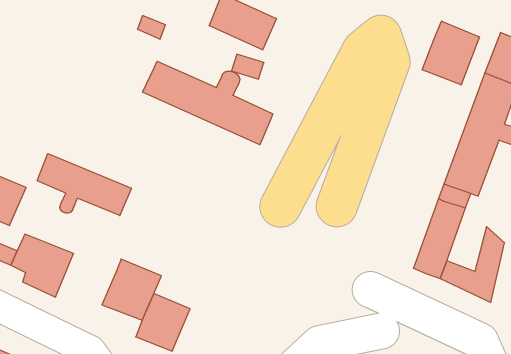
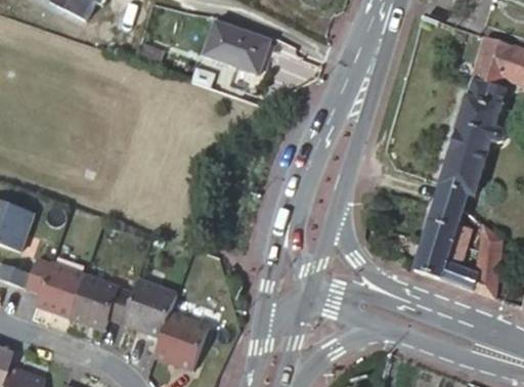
building: [422,21,480,85] -> none
building: [143,61,273,145] -> none
building: [37,154,131,216] -> none
building: none -> [75,276,131,330]

